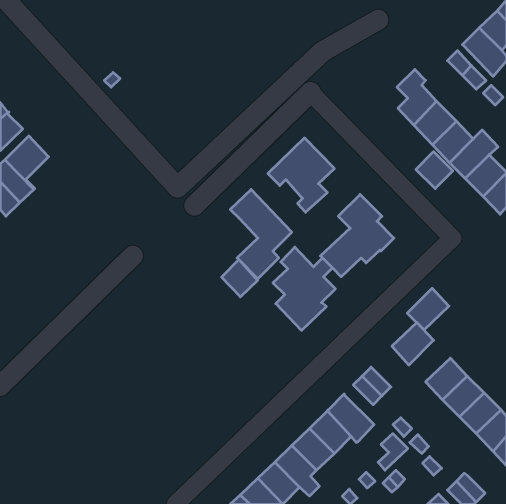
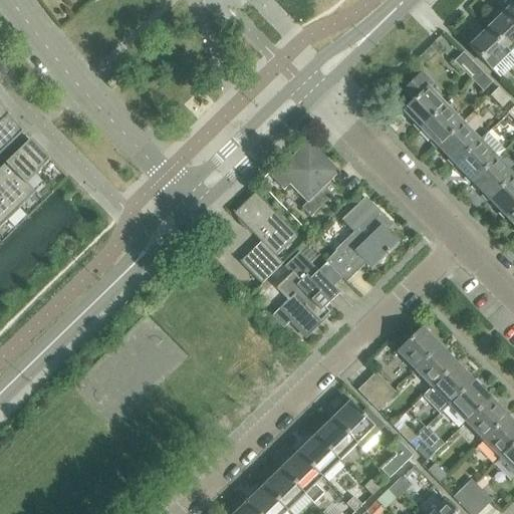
building: [416,152,453,189] -> none
building: [222,260,258,297] -> none
building: [407,288,449,330] -> [415,344,457,387]

